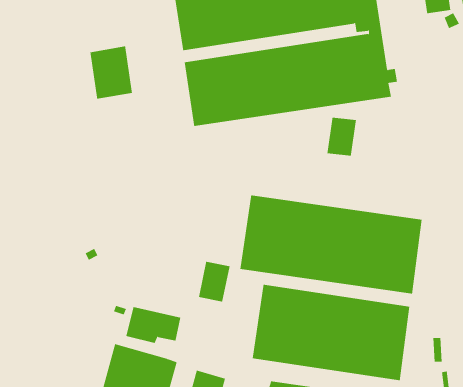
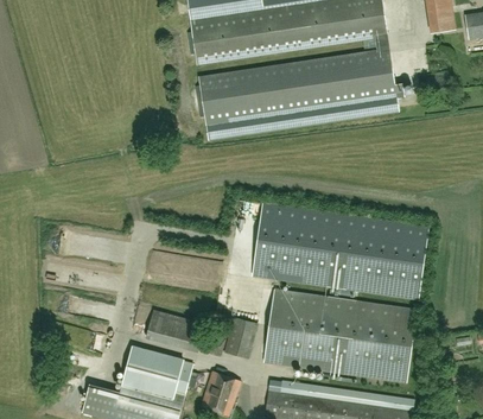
building: [90,46,133,100] -> none
building: [327,117,357,157] -> none
building: [198,261,230,302] -> [224,317,255,356]

